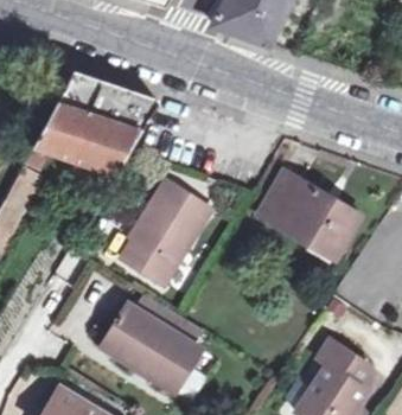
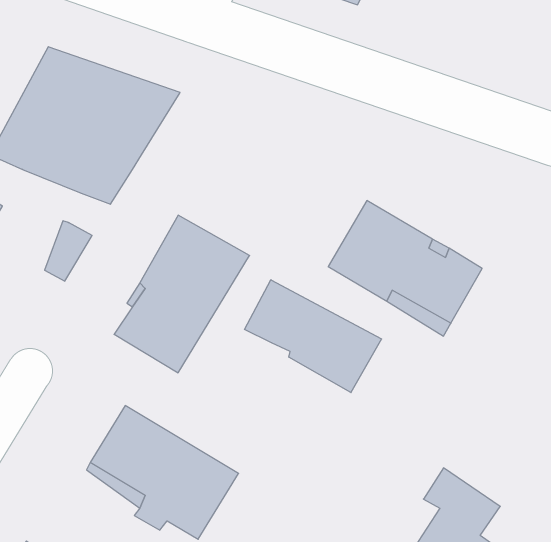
building: none -> [245,280,382,393]

